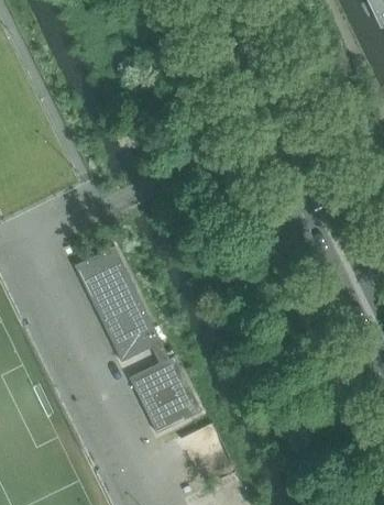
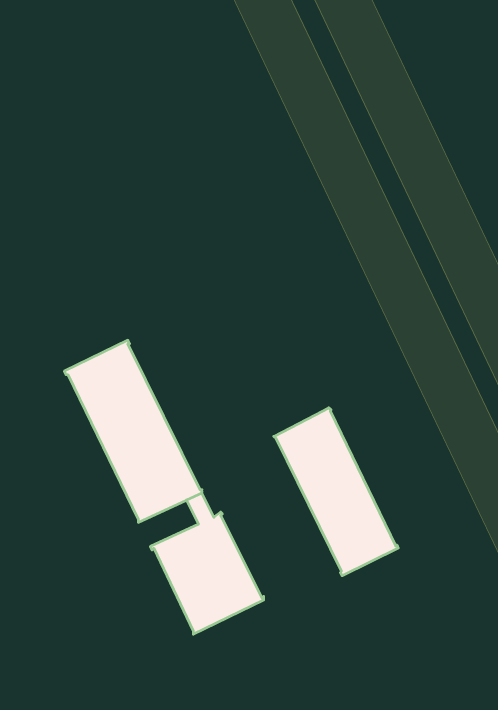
building: none -> [274,408,398,576]

